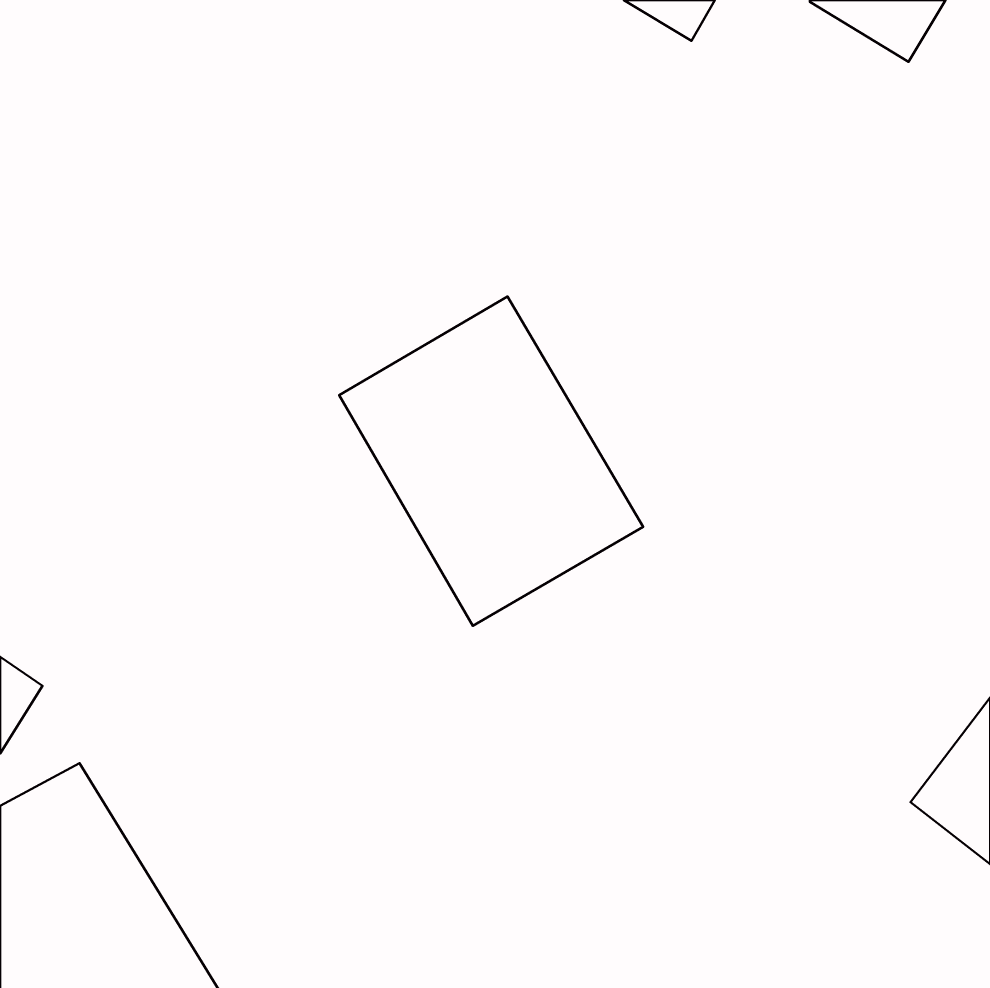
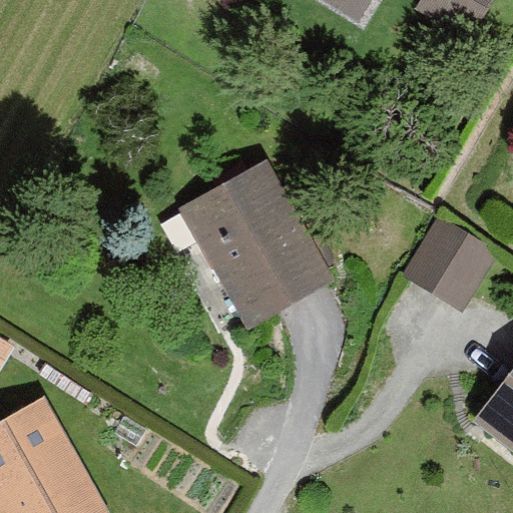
building: none -> [407,222,508,320]

